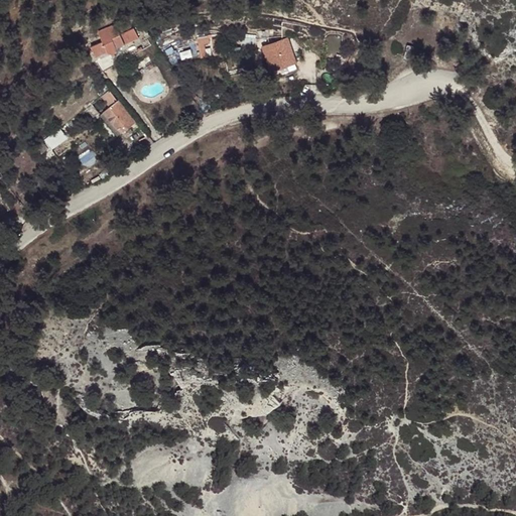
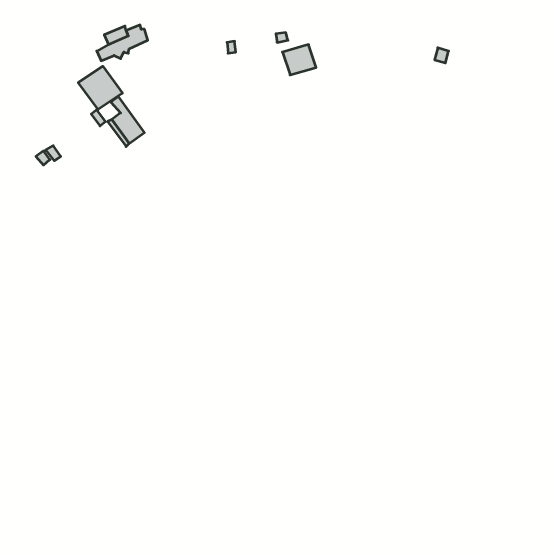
building: none -> [78,66,122,110]

